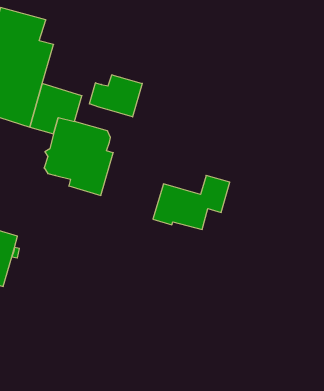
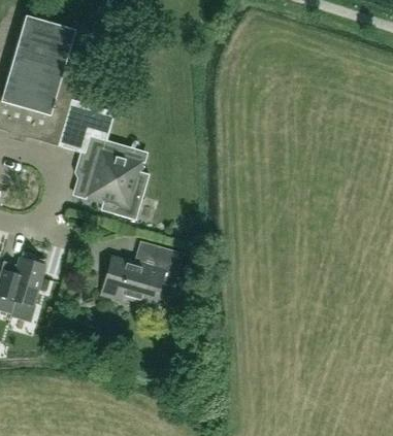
building: [89,75,142,117] -> none
building: [153,175,230,229] -> [100,245,184,304]

